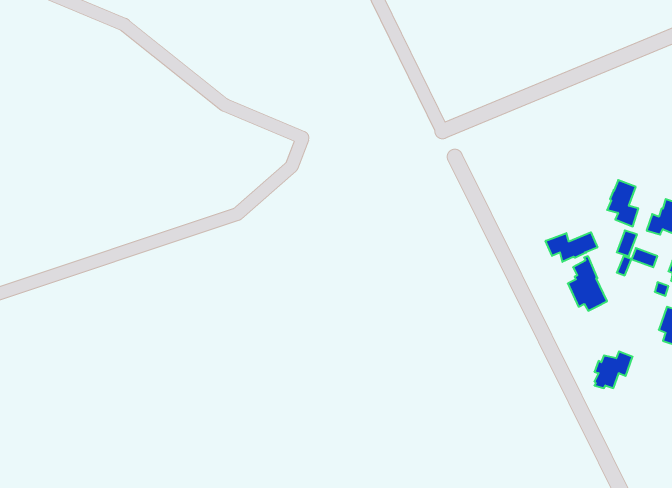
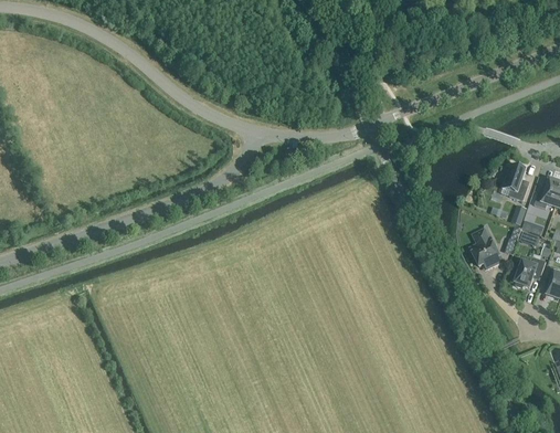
building: [546,232,597,262] -> none
building: [594,351,633,388] -> [515,257,546,287]

